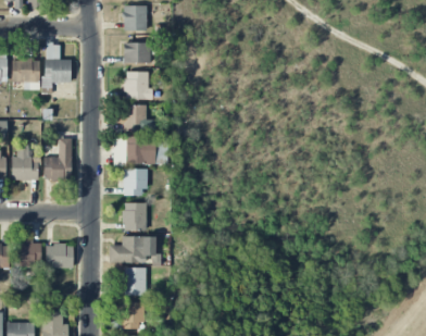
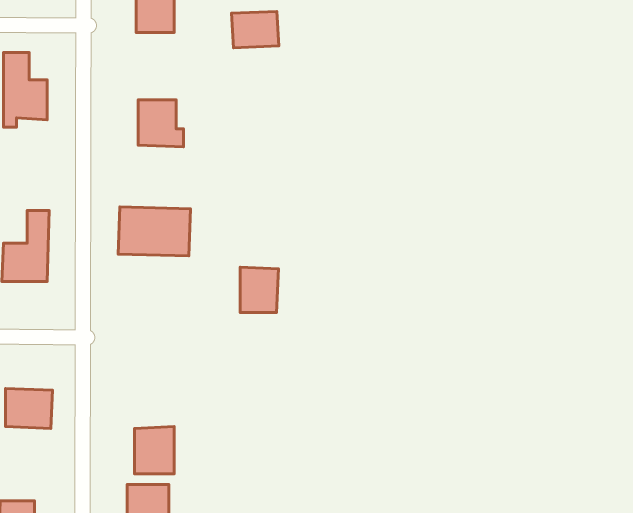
building: [123,42,151,64] -> [232,11,279,48]
building: [125,104,155,132] -> none
building: [124,169,147,196] -> [240,267,278,312]
building: [123,202,147,231] -> none
building: [110,237,146,263] -> none

